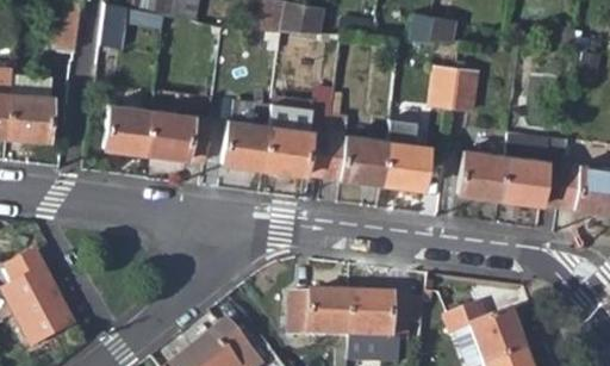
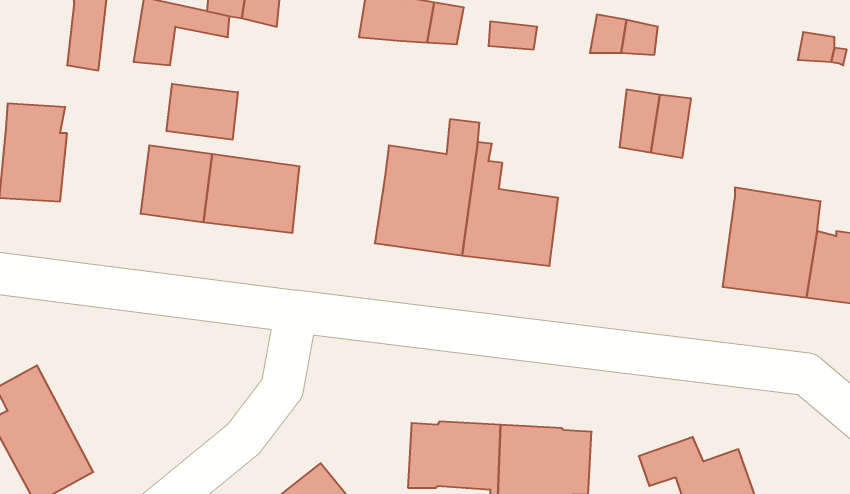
building: none -> [167,84,238,140]
building: [219,106,269,168] -> none
building: [381,118,430,188] -> none
building: [455,135,508,198] -> none

